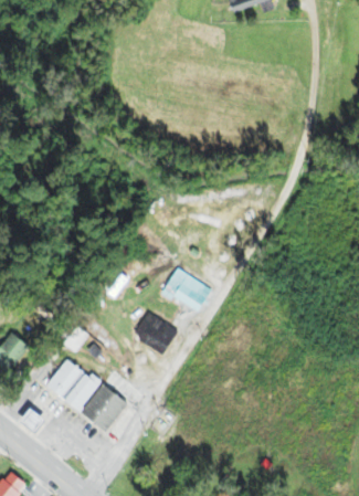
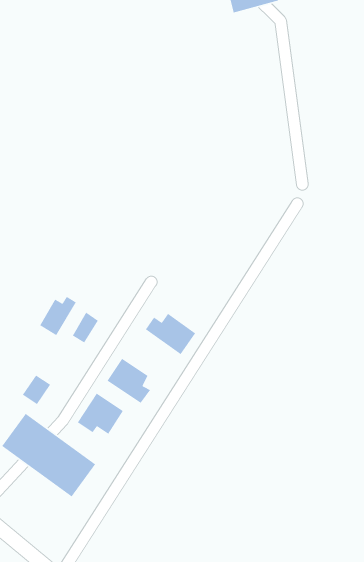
building: none -> [39,296,77,336]
building: none -> [77,393,124,435]

